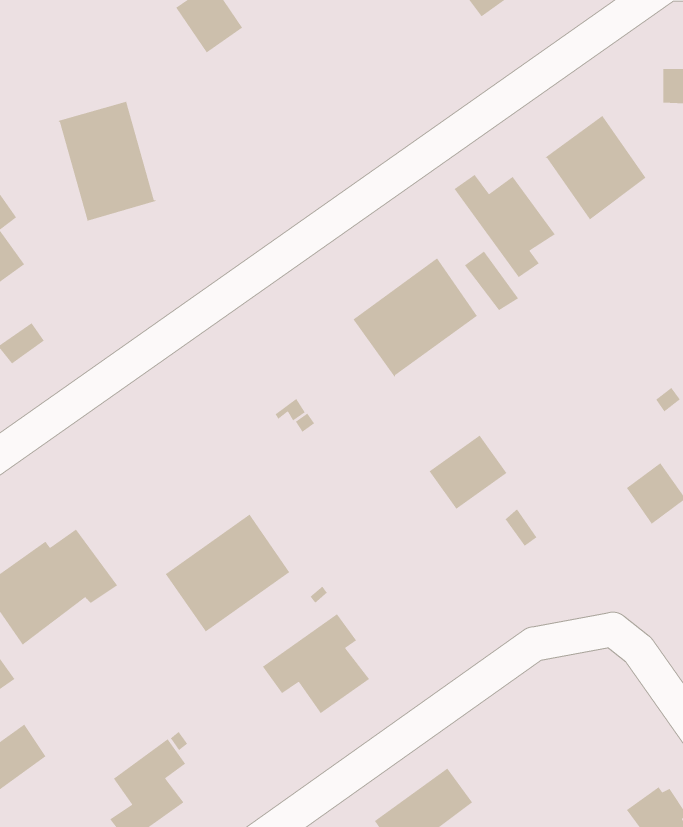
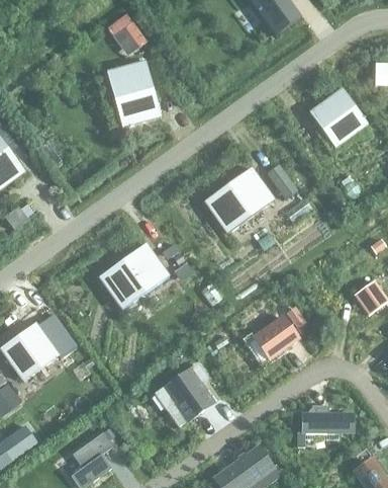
building: [57,100,156,222] -> [106,60,161,127]
building: [453,174,556,278] -> none
building: [429,435,508,510] -> [254,316,297,357]
building: [164,512,291,634] -> [99,242,169,309]
building: none -> [303,413,354,431]

